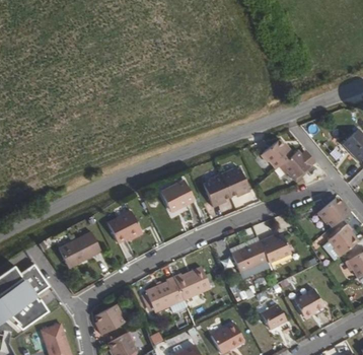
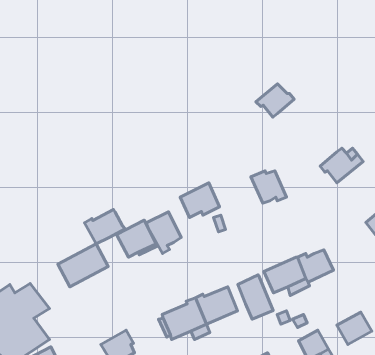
building: [262,139,294,167] -> [256,84,294,117]
building: [205,173,231,206] -> none
building: none -> [84,209,125,244]
building: none -> [146,212,181,254]
building: none -> [238,275,273,319]

